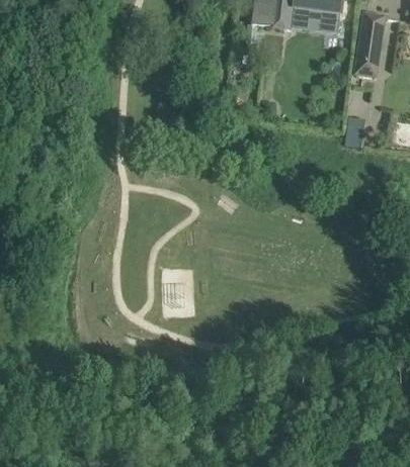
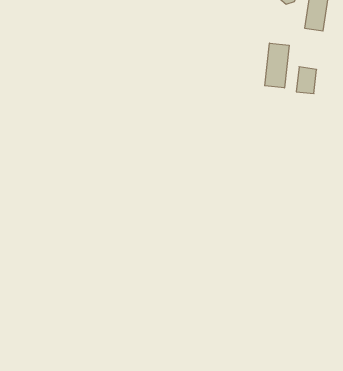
building: none -> [265,43,289,88]

